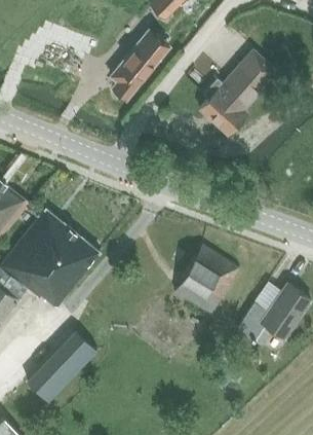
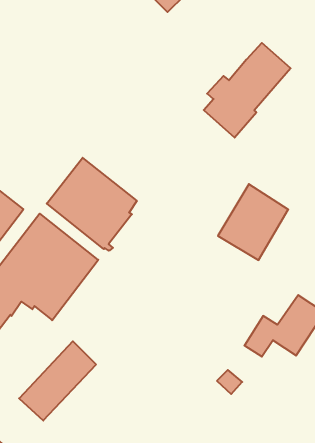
building: [110,36,168,102] -> none
building: none -> [47,158,137,251]
building: [173,246,239,317] -> [218,184,288,260]

